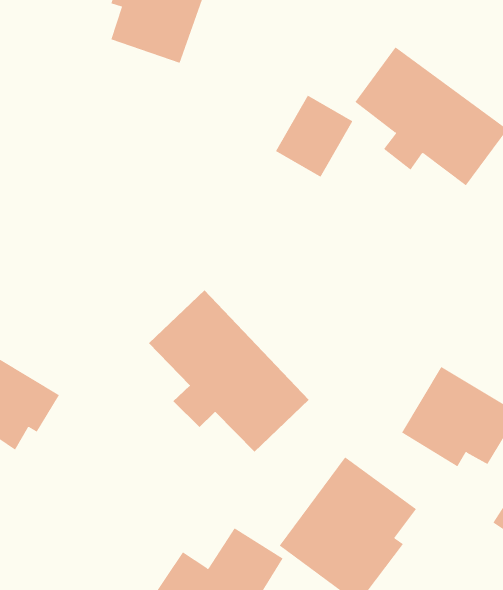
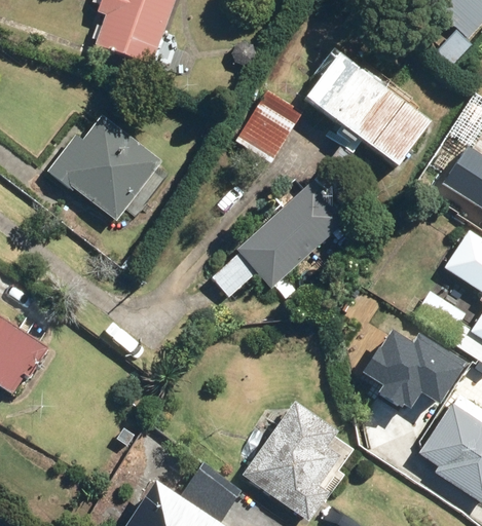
building: none -> [40,114,173,230]
building: none -> [210,178,351,299]
building: [148,289,309,452] -> none

